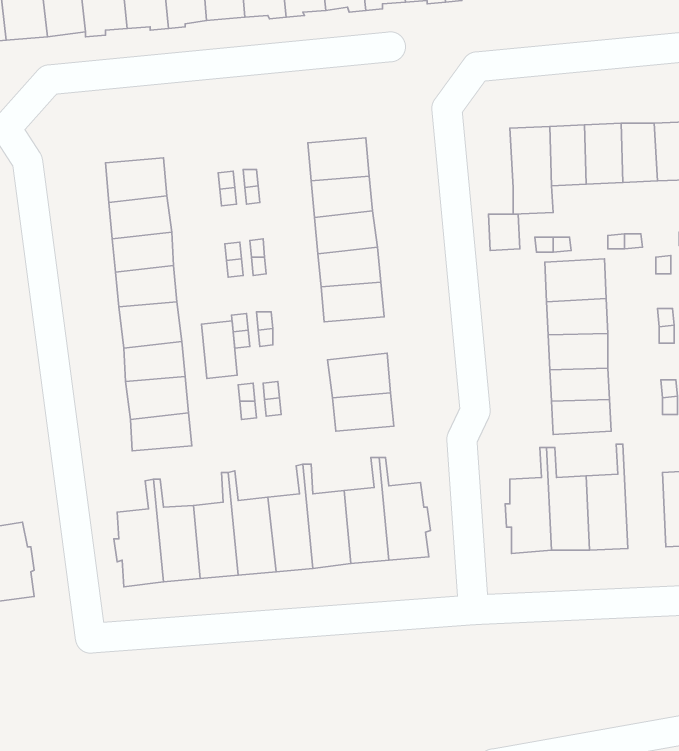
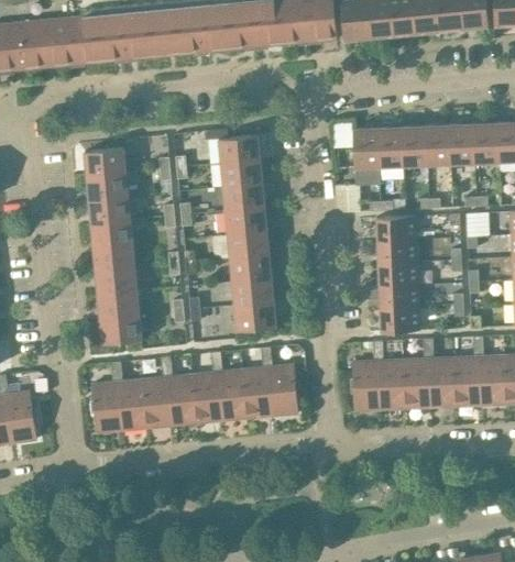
building: none -> [229,254,271,283]
building: [202,321,237,379] -> none
building: none -> [427,339,456,408]

